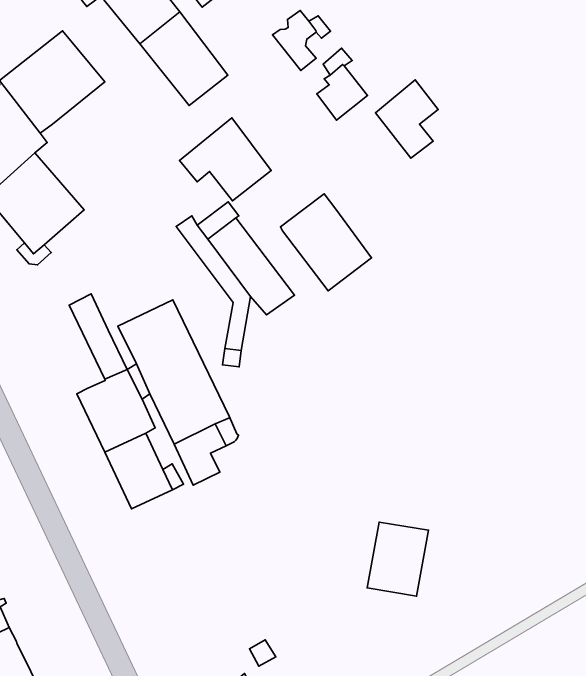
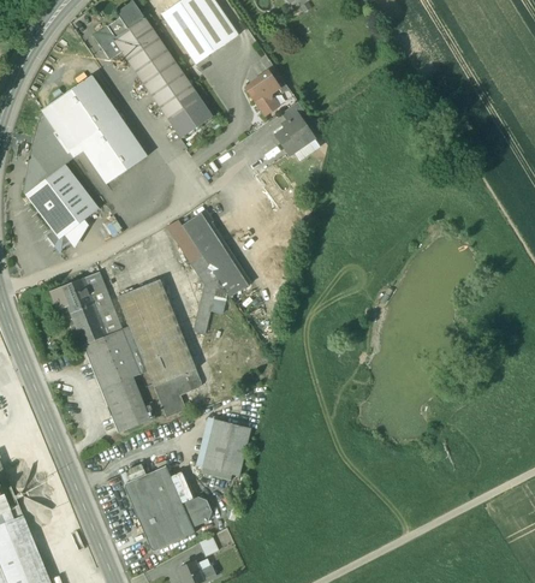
building: [376,80,438,158] -> none
building: [180,118,271,201] -> [79,115,147,177]
building: [281,194,372,291] -> none
building: none -> [50,278,106,341]
building: [367,522,428,596] -> [203,420,251,476]
building: none -> [123,468,210,552]

